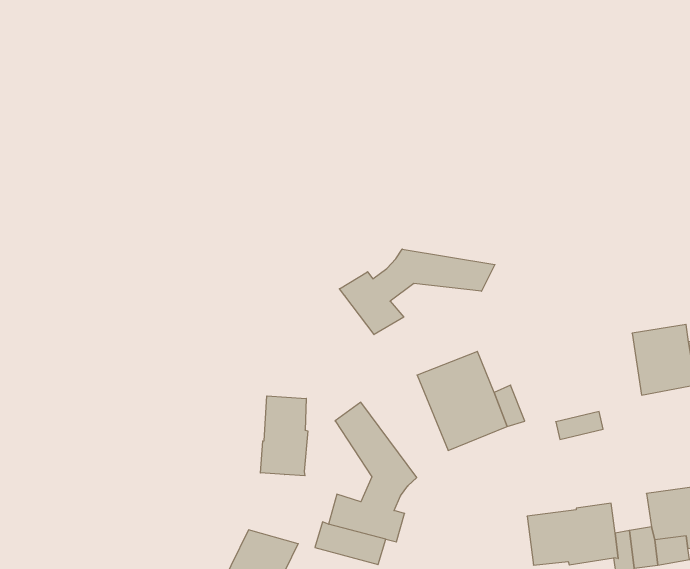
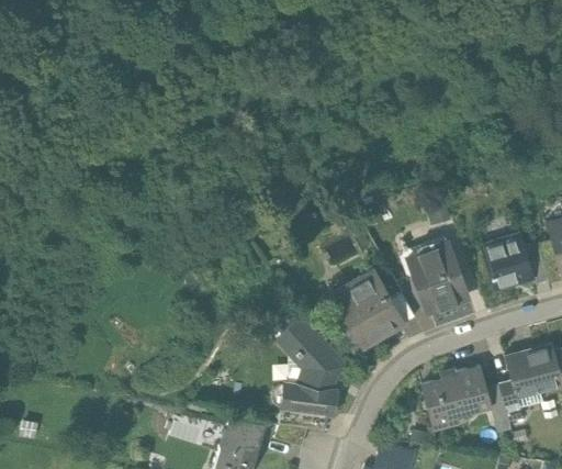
building: [339,249,495,335] -> none
building: none -> [408,245,467,312]
building: [260,396,308,476] -> none

